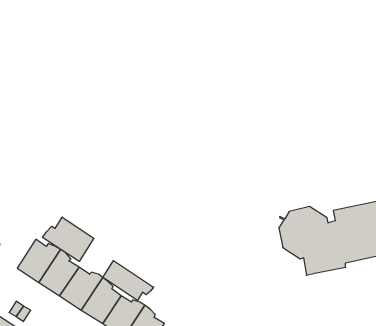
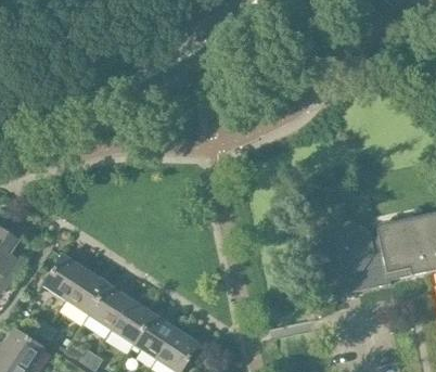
building: [42,217,94,261] -> none
building: [103,261,154,301] -> none

